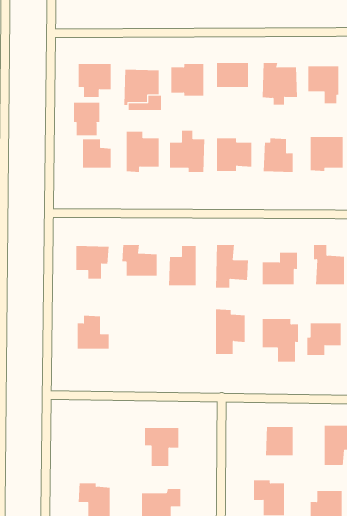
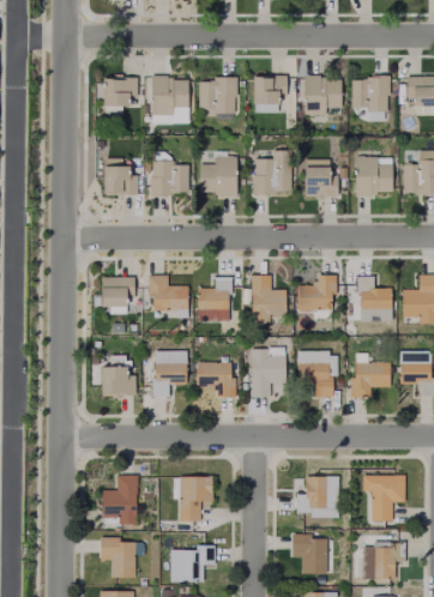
building: [73,102,100,136] -> none
building: none -> [151,350,186,393]
building: none -> [199,367,241,402]
building: none -> [101,476,138,525]

